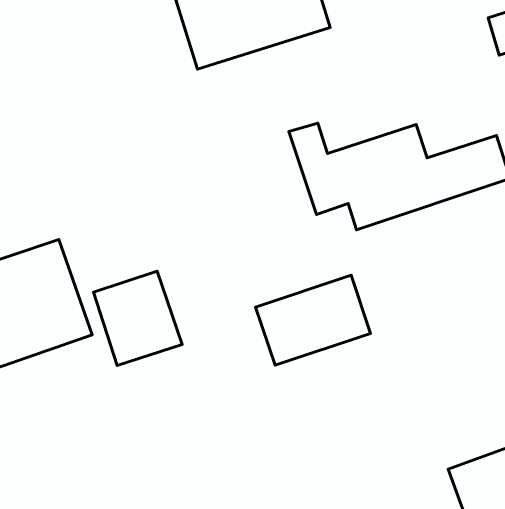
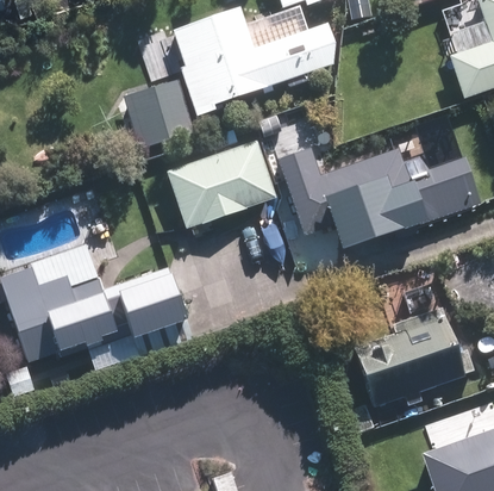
building: none -> [127,77,195,145]
building: none -> [165,142,273,226]
building: [256,275,371,365] -> [358,323,457,400]

